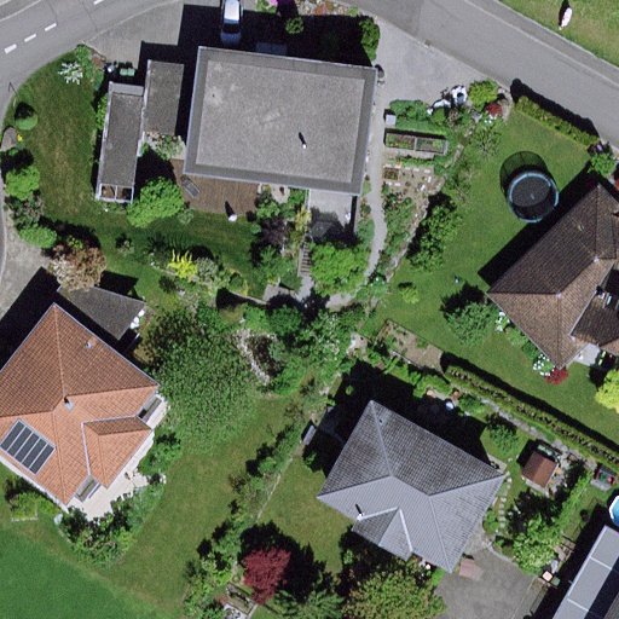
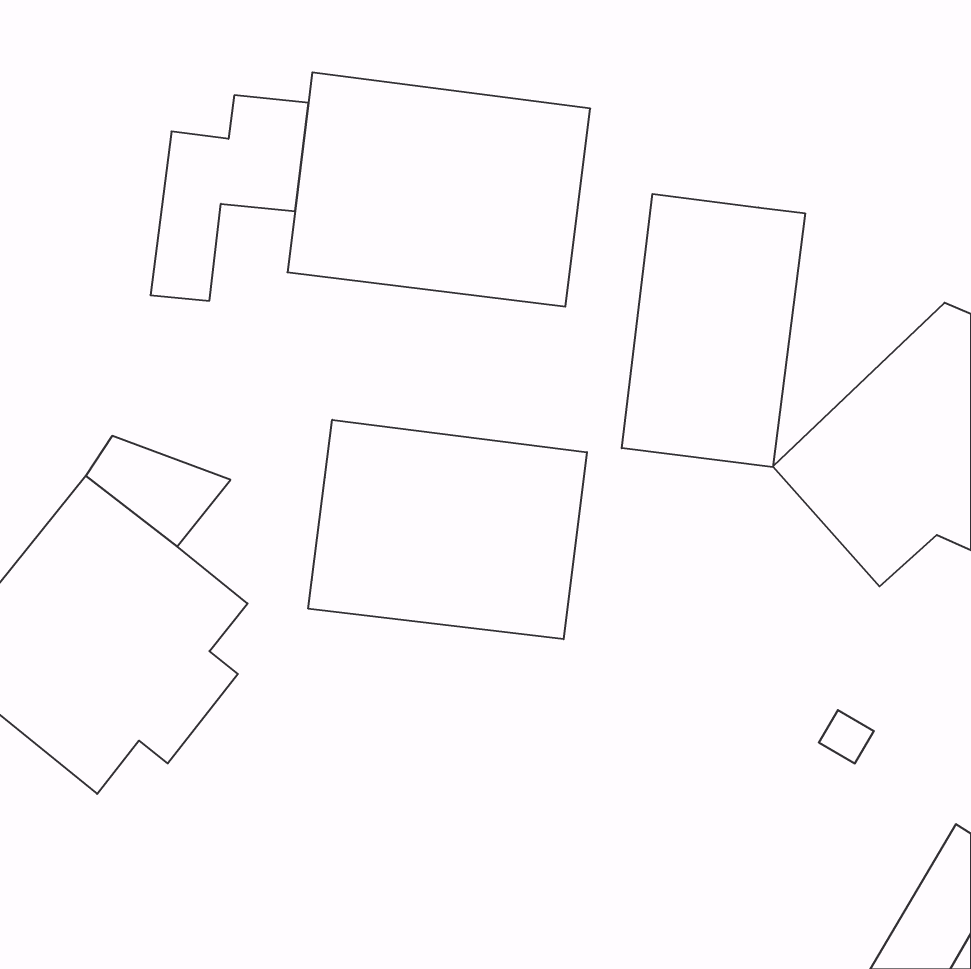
building: none -> [622,194,805,467]
building: none -> [308,420,587,639]
building: [316,399,503,568] -> none

